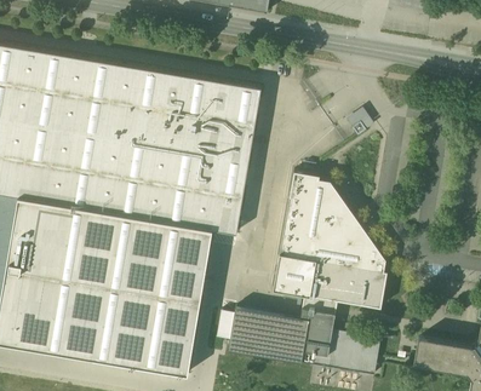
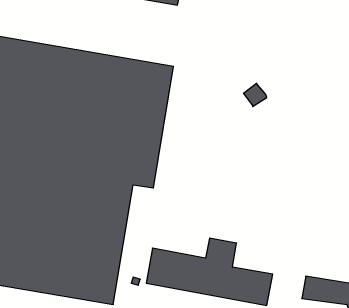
building: [270,169,385,307] -> none

